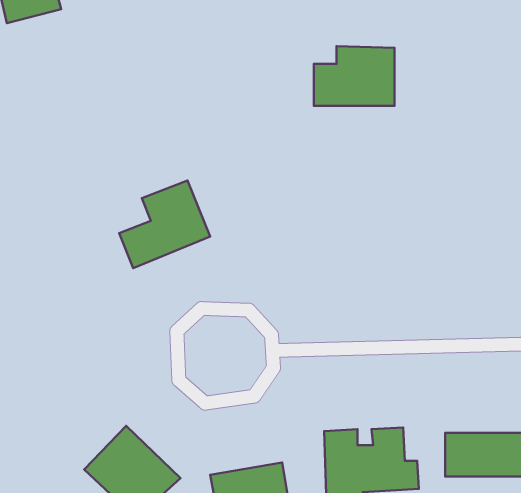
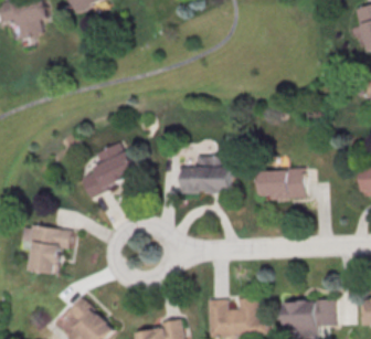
building: [314,46,394,106] -> [180,155,231,192]
building: none -> [259,169,304,198]
building: none -> [28,224,68,275]

